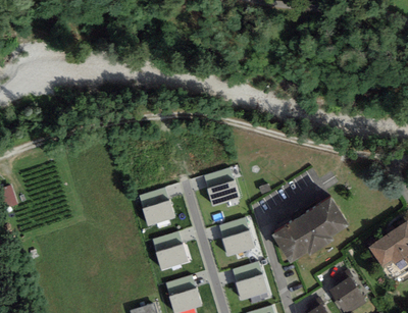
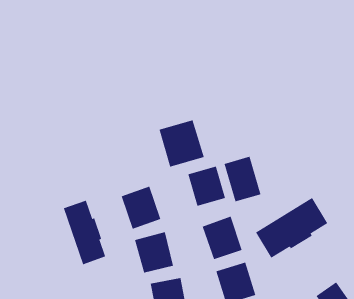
building: none -> [159,119,205,168]
building: none -> [224,156,261,202]
building: none -> [63,200,106,265]

